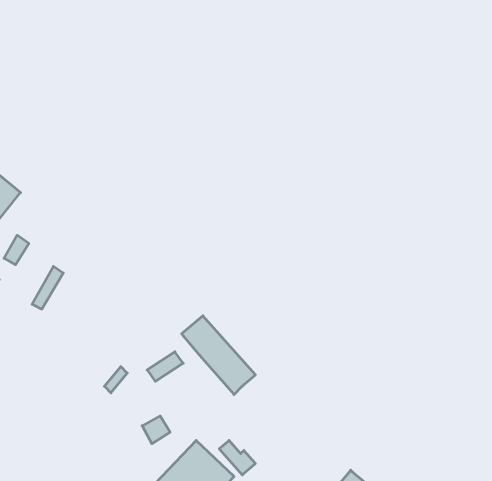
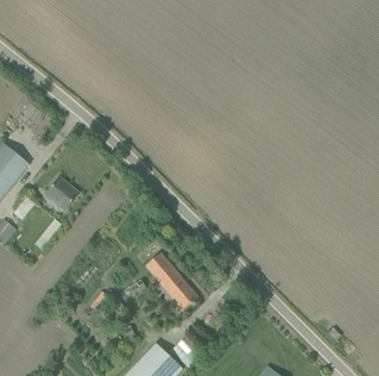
building: none -> [45,175,78,208]

